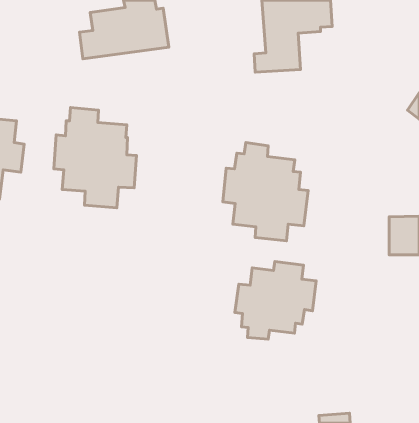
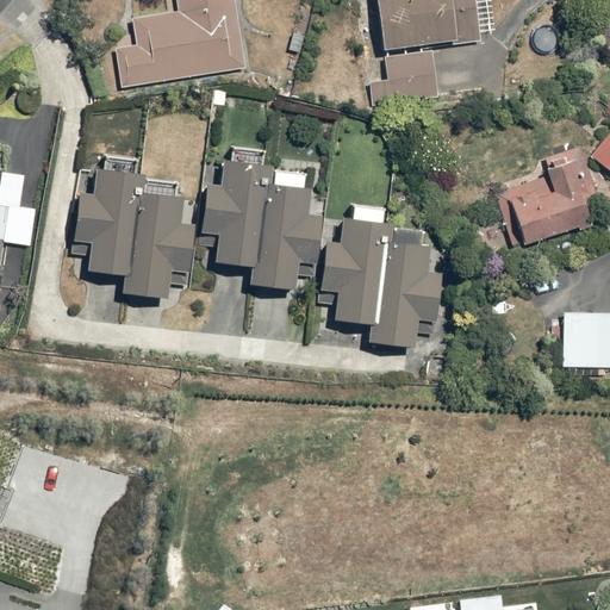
building: none -> [490,138,593,243]
building: none -> [205,147,323,288]
building: [235,262,316,339] -> none

